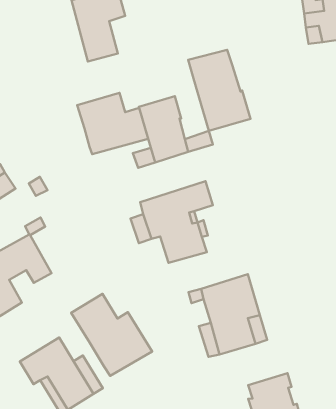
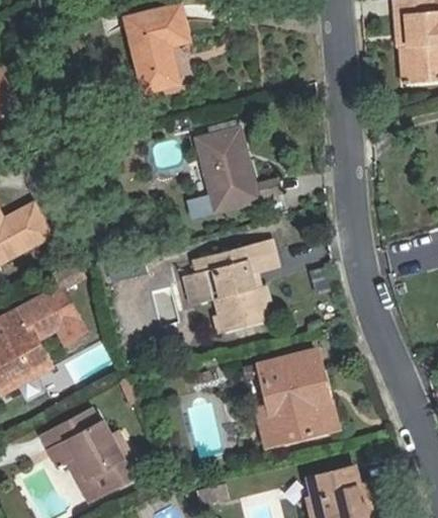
building: [188,50,251,131] -> none
building: [77,93,148,154] -> none
building: [71,294,152,376] -> none

